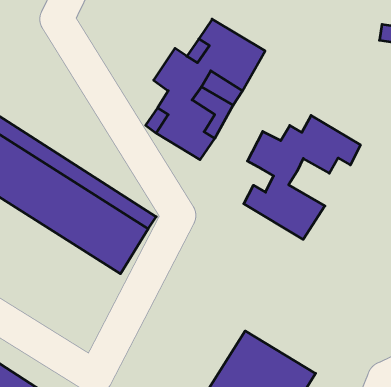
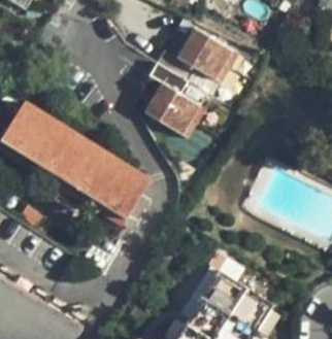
building: [244,115,360,239] -> none

